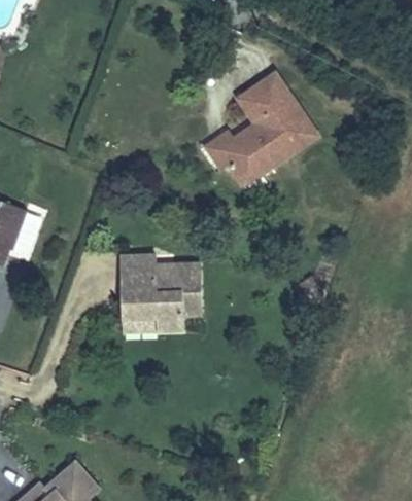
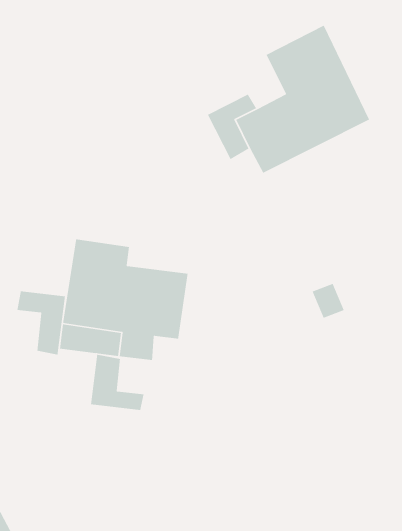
building: none -> [16,290,66,356]
building: none -> [90,354,144,411]

